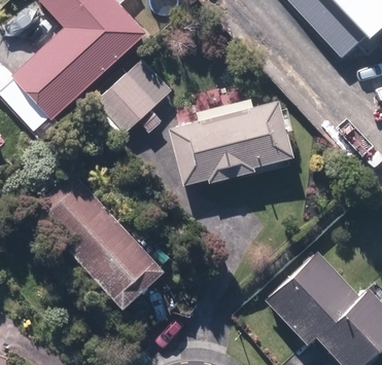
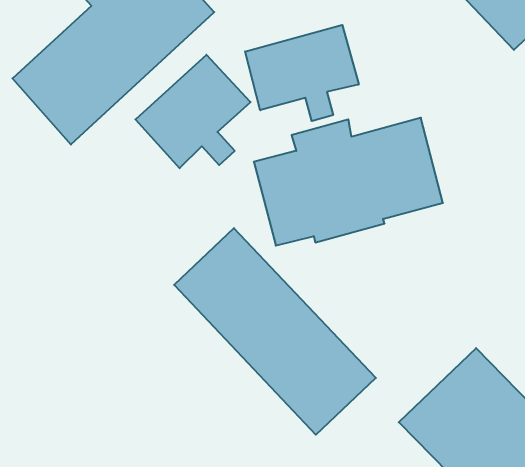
building: none -> [245,25,359,121]
building: [35,173,167,307] -> [174,228,376,435]

